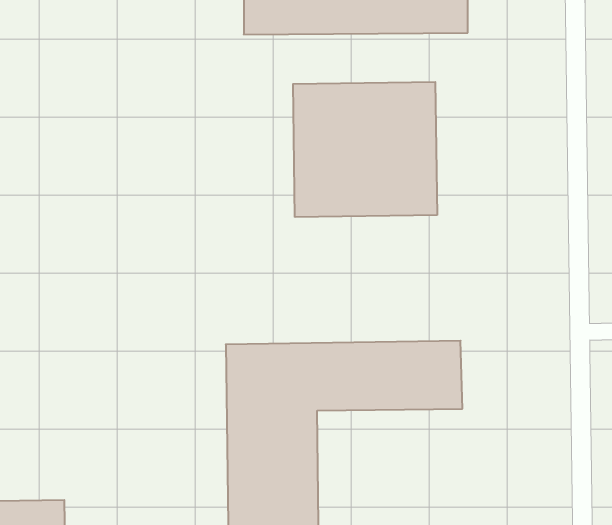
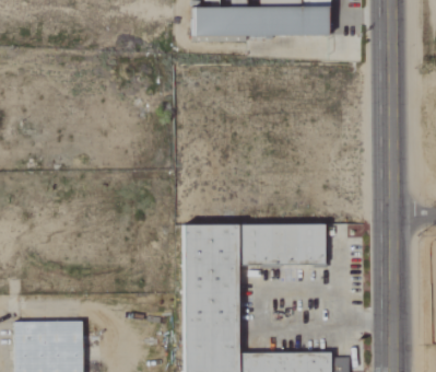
building: [293,82,437,217] -> none

